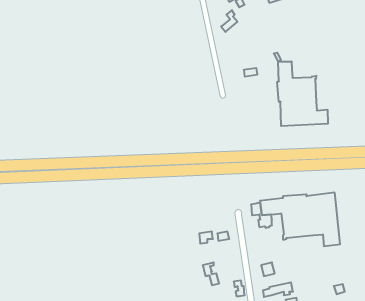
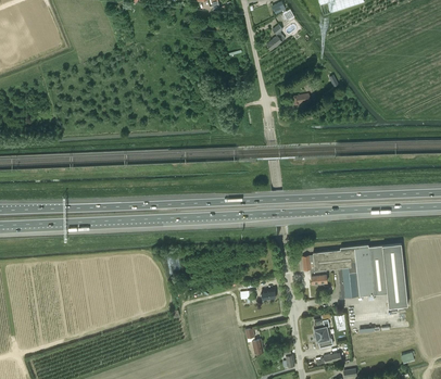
building: [277,61,328,126] -> none

